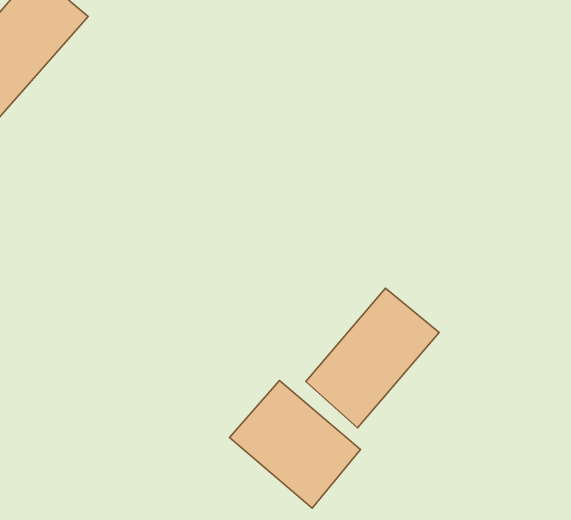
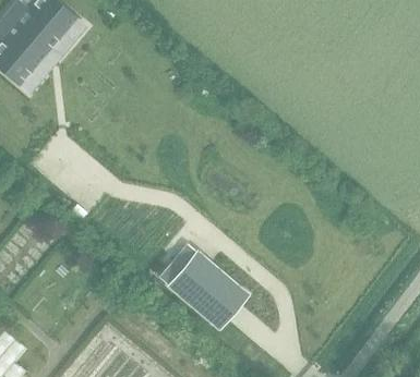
building: [306,288,439,428] -> none

